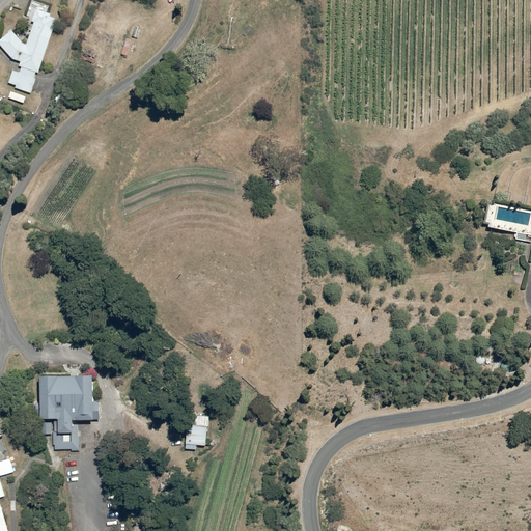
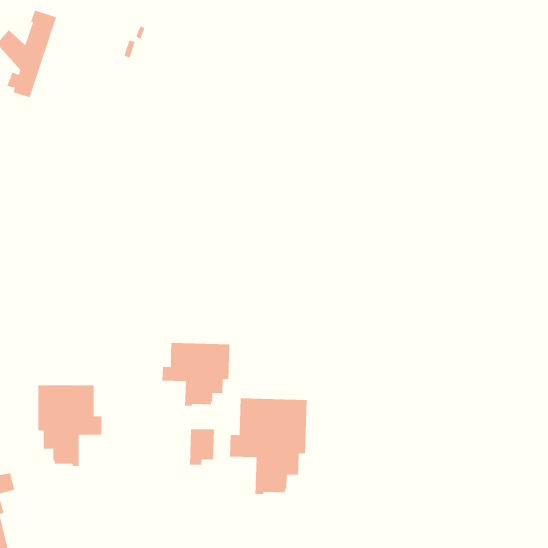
building: none -> [162,342,230,406]
building: none -> [229,398,307,495]

